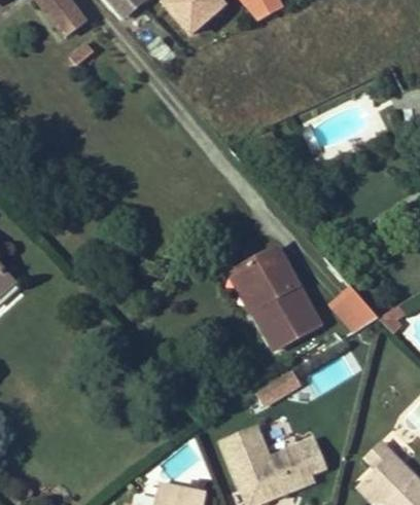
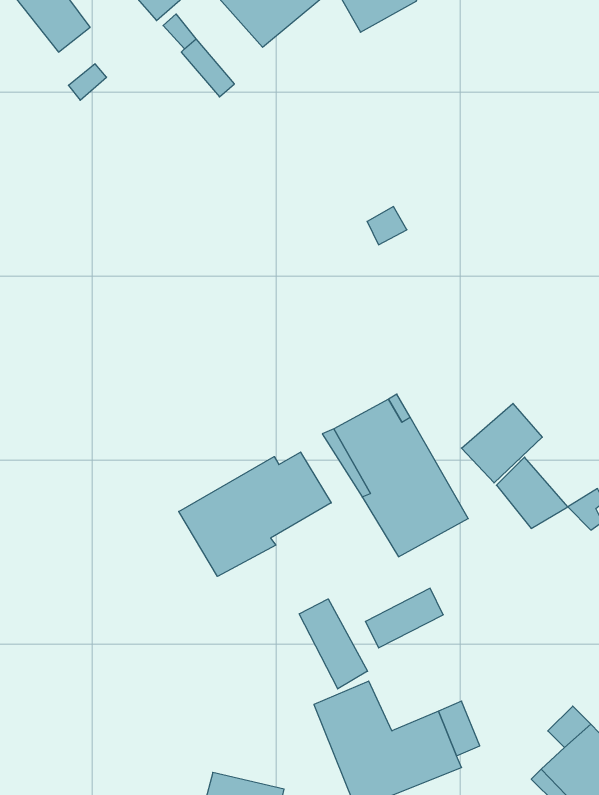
building: none -> [461,403,542,483]
building: none -> [179,452,331,576]
building: none -> [299,599,368,689]

